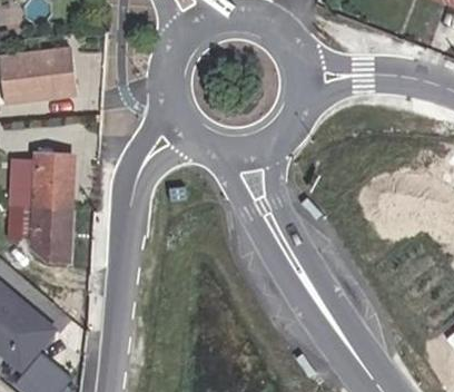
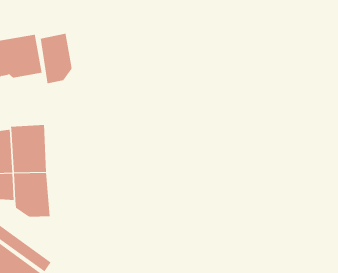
building: none -> [40,33,72,84]

